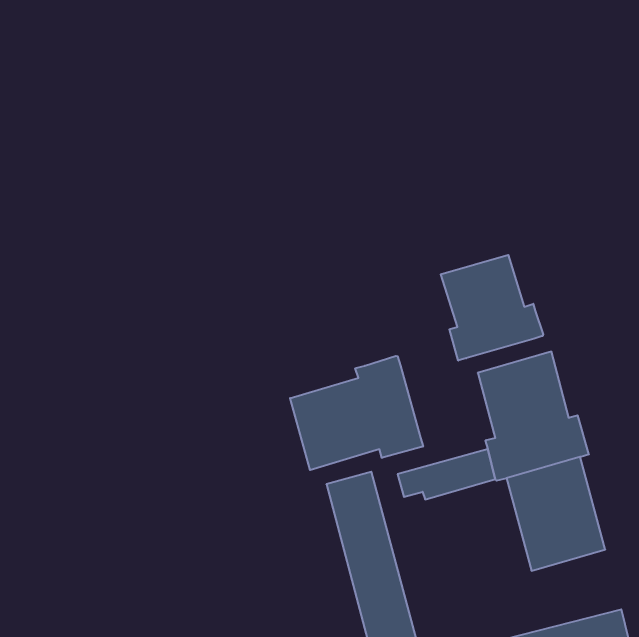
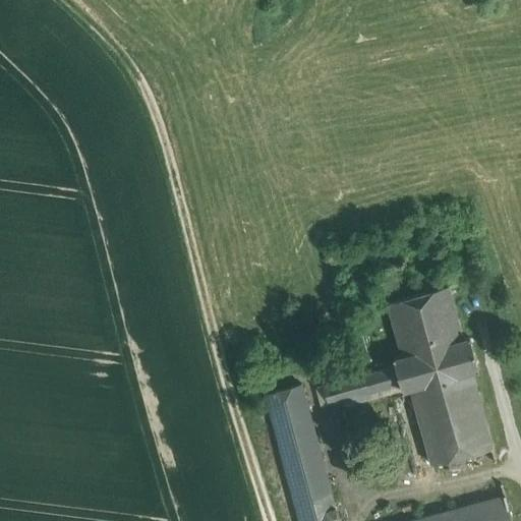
building: [441,255,543,361] -> none
building: [290,356,423,470] -> none

